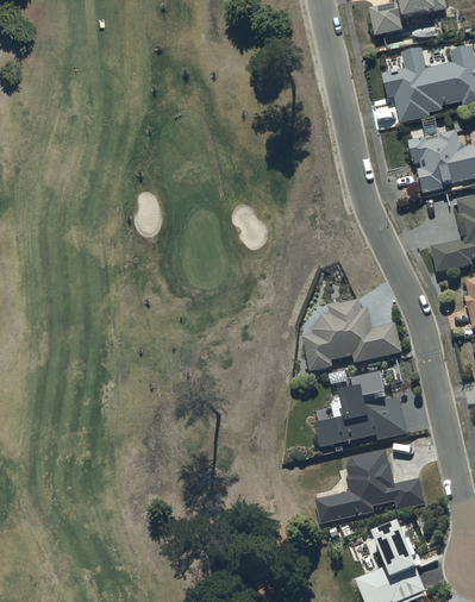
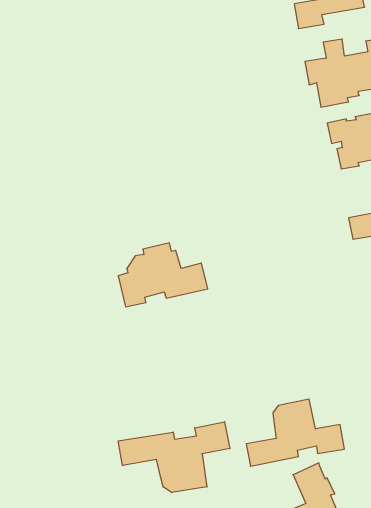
building: [301,299,401,370] -> [118,243,208,307]
building: [315,374,410,446] -> none
building: none -> [118,422,230,493]

